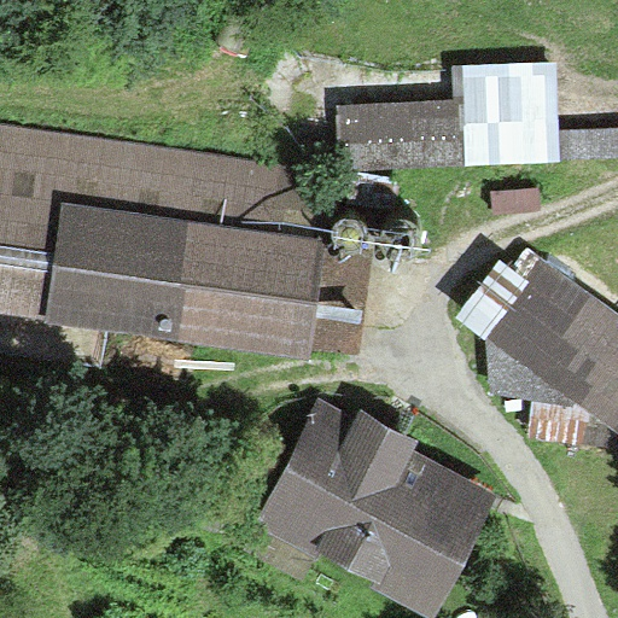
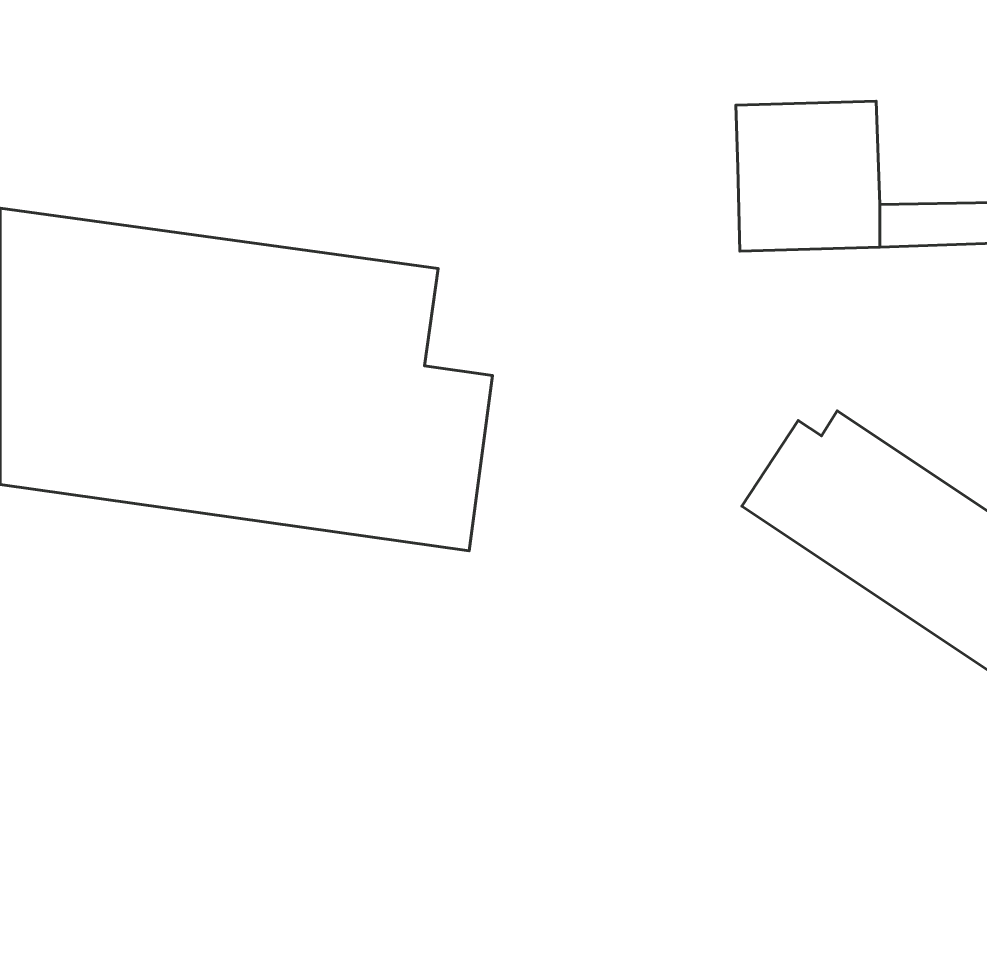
building: [340,113,464,168] -> none
building: [261,415,480,605] -> none

